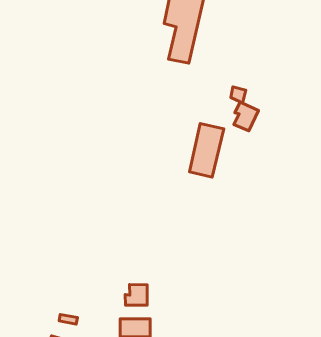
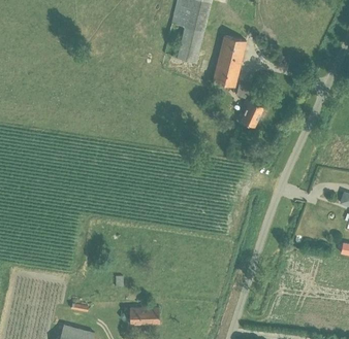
building: [190,123,224,177] -> [213,35,246,87]
building: [125,284,147,305] -> none

